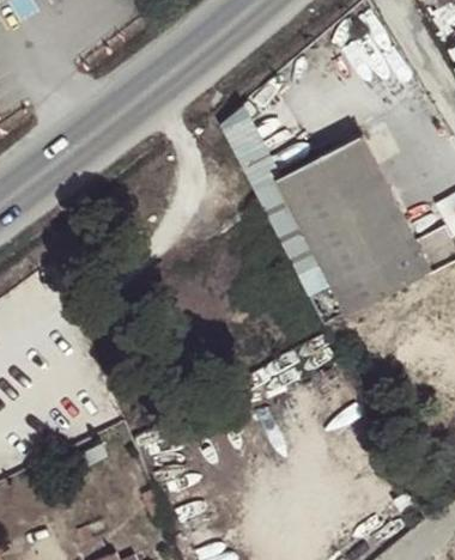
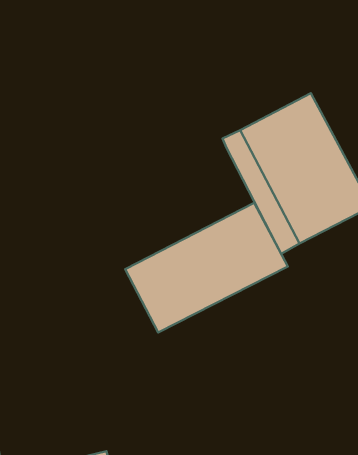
building: none -> [125,203,288,332]

